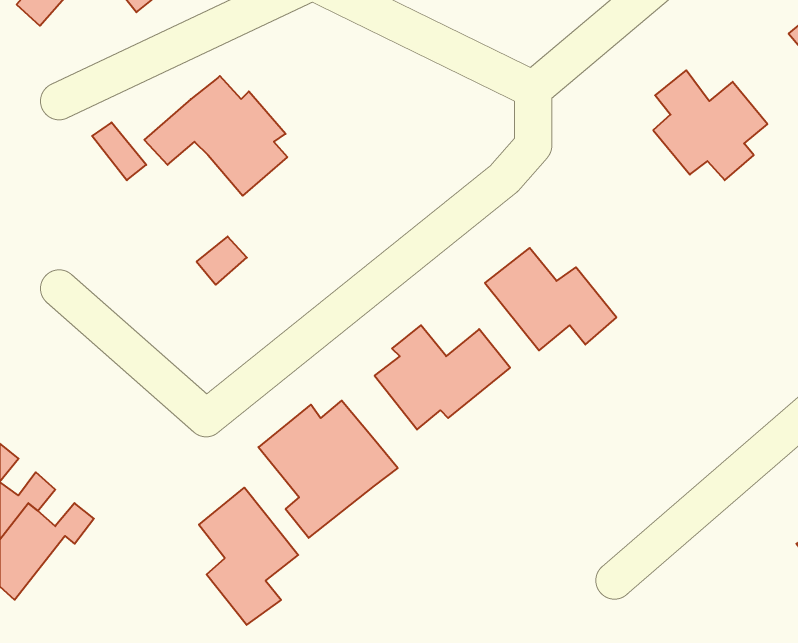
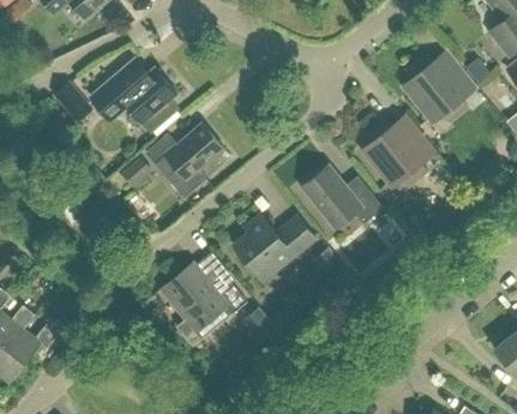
building: none -> [365,119,435,186]
building: none -> [145,122,224,193]
building: [199,488,298,625] -> none

